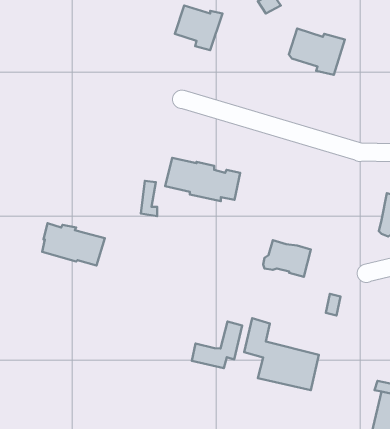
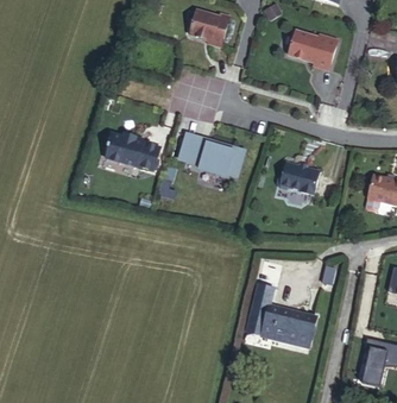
building: [42,223,105,265] -> [107,137,162,174]
building: [263,240,311,277] -> [278,163,320,195]
building: [192,322,242,368] -> none

